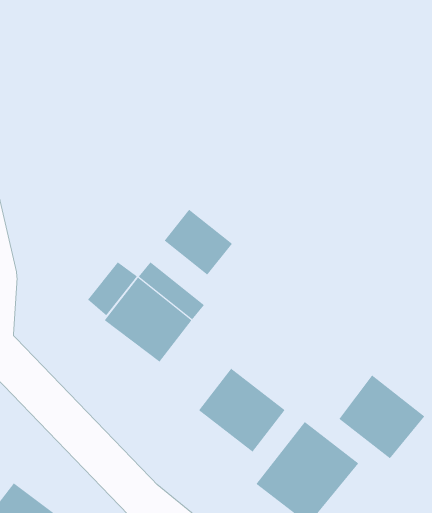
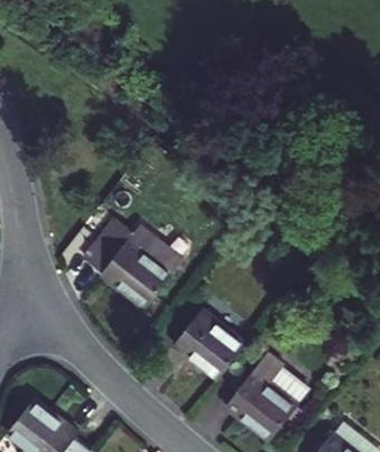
building: [164,209,233,275] -> none
building: [339,375,425,459] -> none

